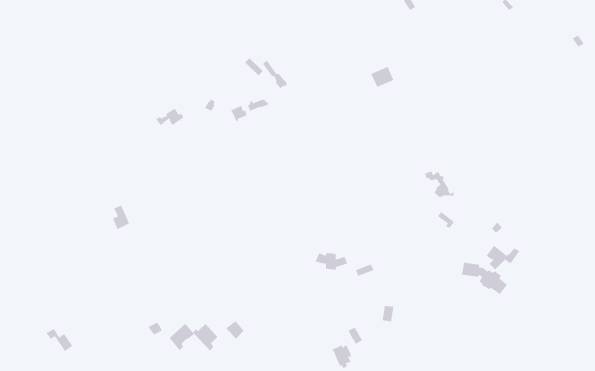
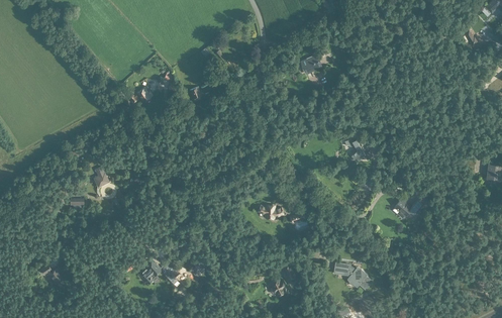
building: [461,262,508,295] -> [334,262,372,289]

